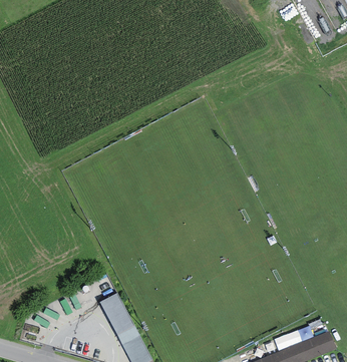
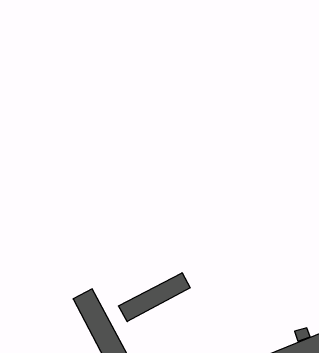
building: none -> [118,273,190,322]

